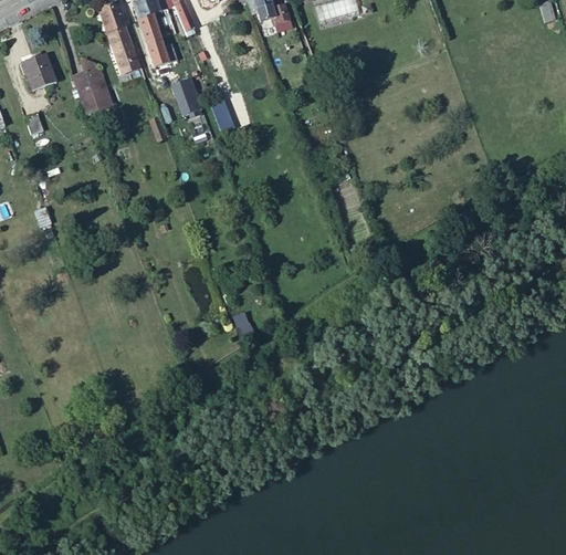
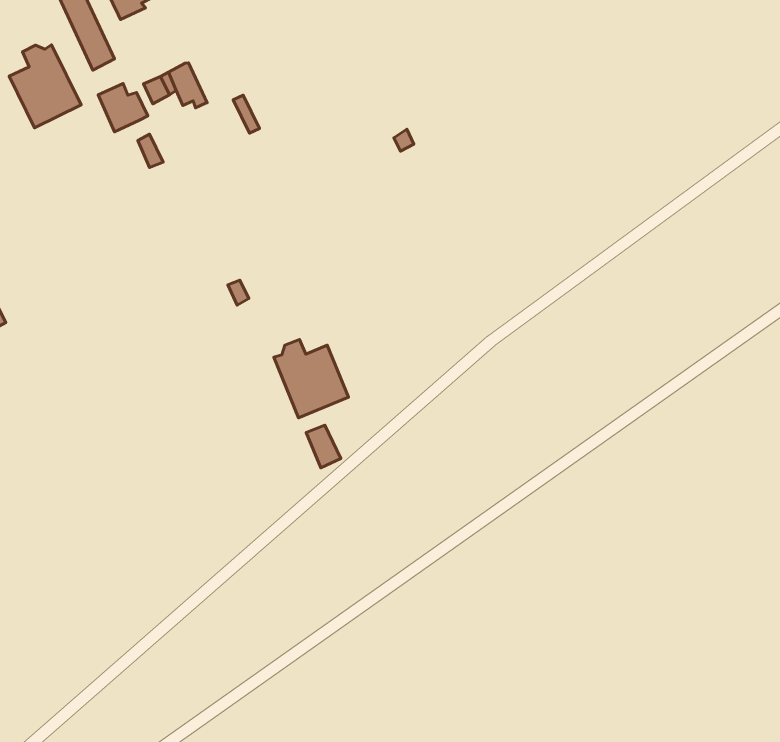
building: [146,39,176,69] -> [98,83,148,132]
building: none -> [274,339,349,418]

